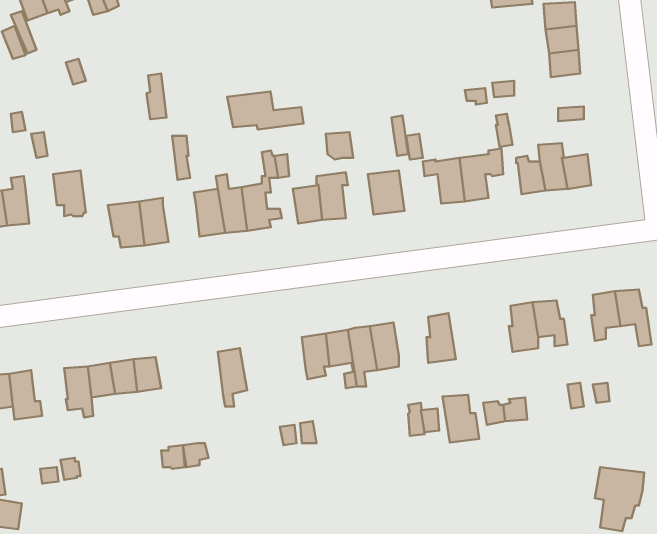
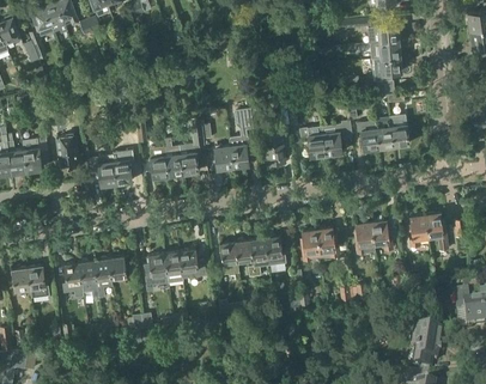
building: [227,92,303,130] -> none
building: none -> [178,246,206,276]
building: none -> [144,251,168,288]
building: [443,395,479,442] -> [315,225,339,256]

